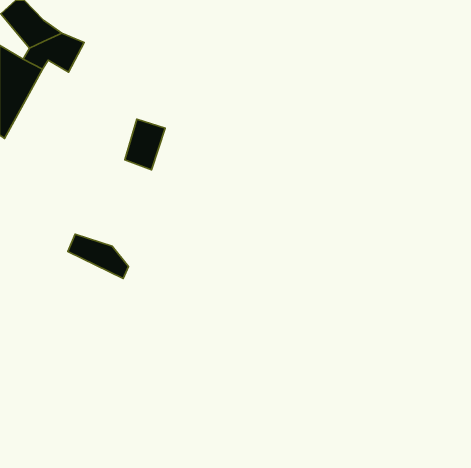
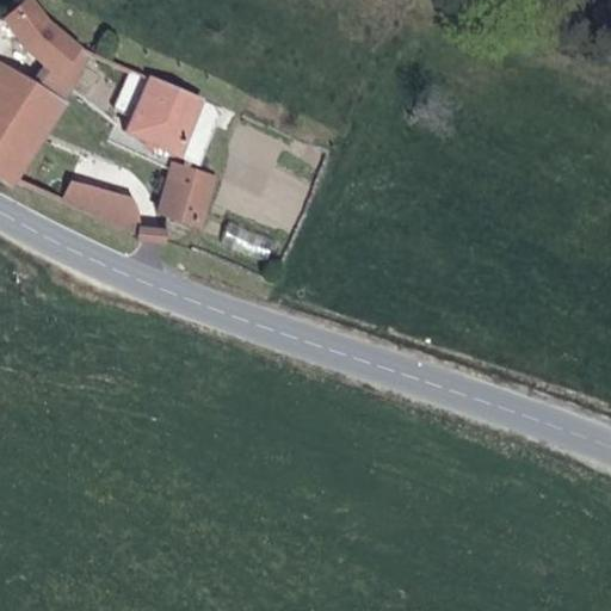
building: none -> [122,78,217,156]
building: [68,234,129,278] -> [67,178,146,235]

